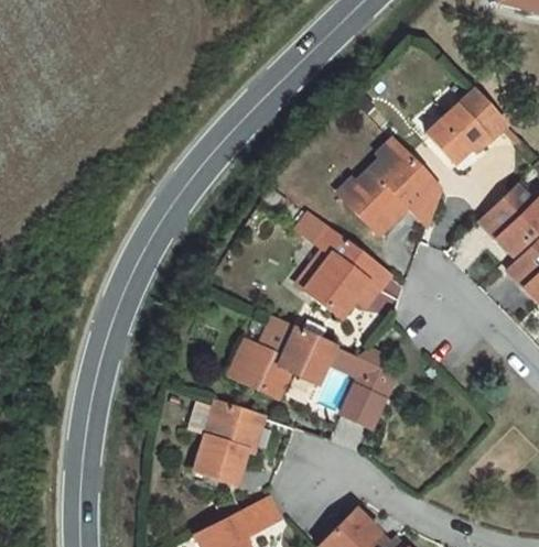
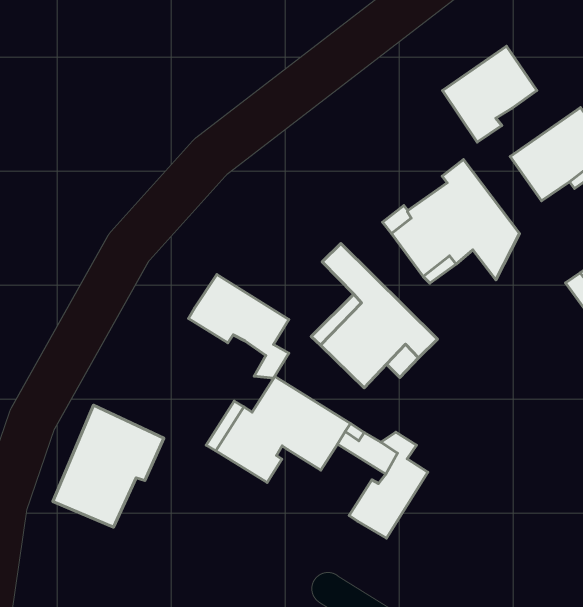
building: none -> [442,46,537,142]
building: none -> [189,275,289,378]
building: [196,402,272,490] -> [53,405,164,527]

